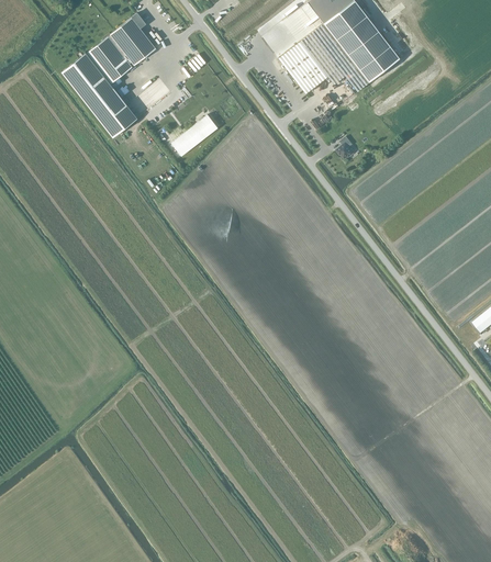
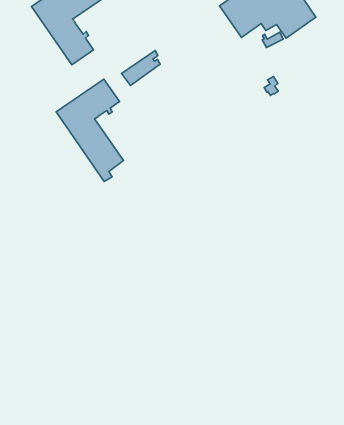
building: none -> [56,79,123,181]

